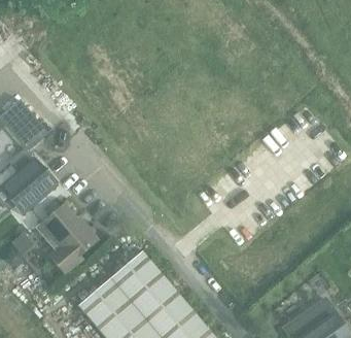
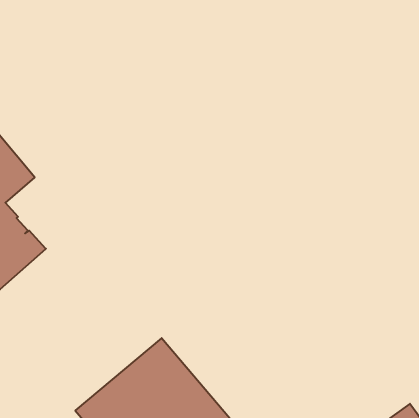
building: [37,202,97,273] -> none

